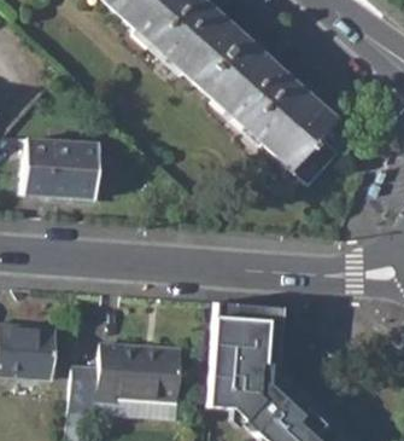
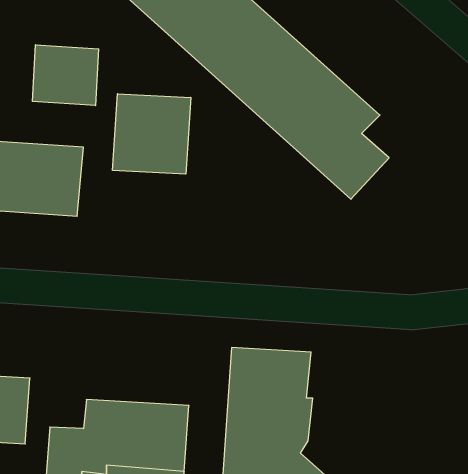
building: none -> [33,45,99,106]
building: none -> [113,94,191,174]

